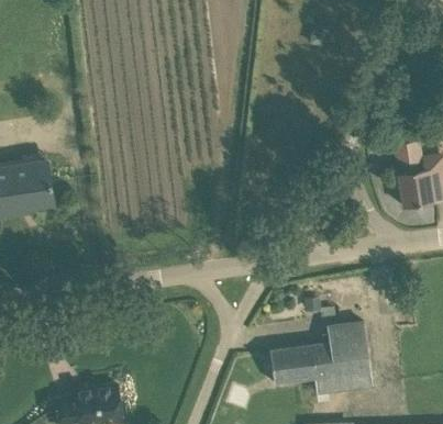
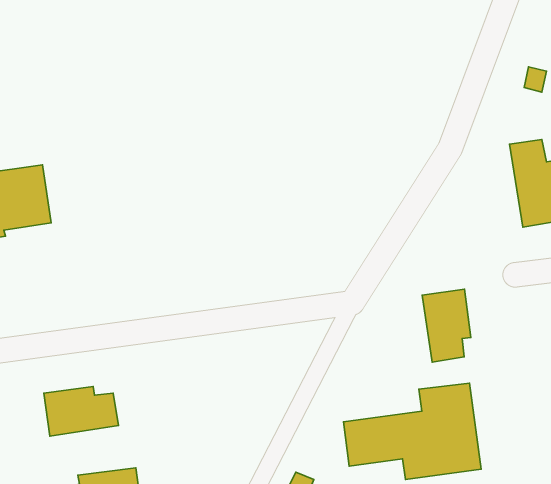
building: none -> [422,289,471,362]
building: none -> [44,386,119,436]

